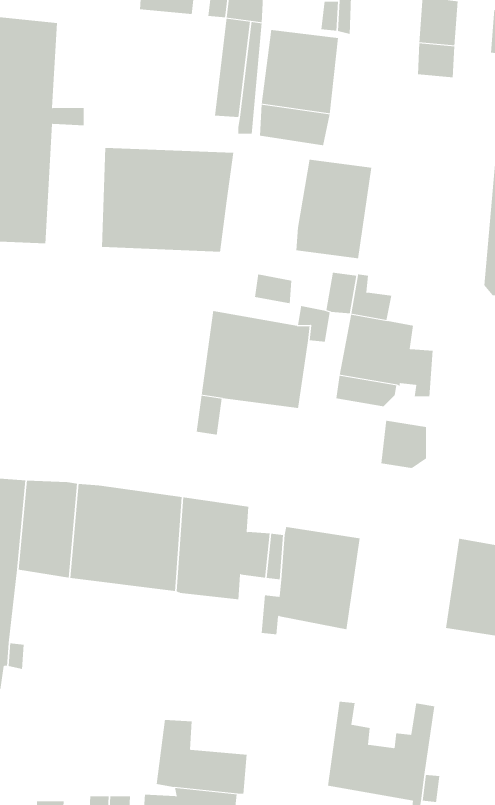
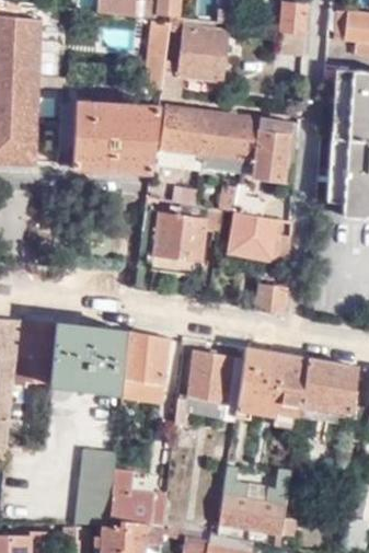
building: none -> [154,103,208,170]
building: none -> [241,115,291,181]
building: none -> [233,347,307,422]
building: none -> [73,451,115,526]

